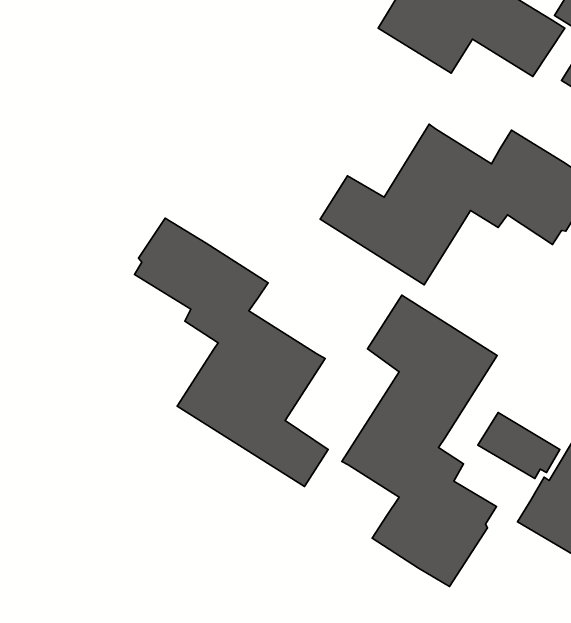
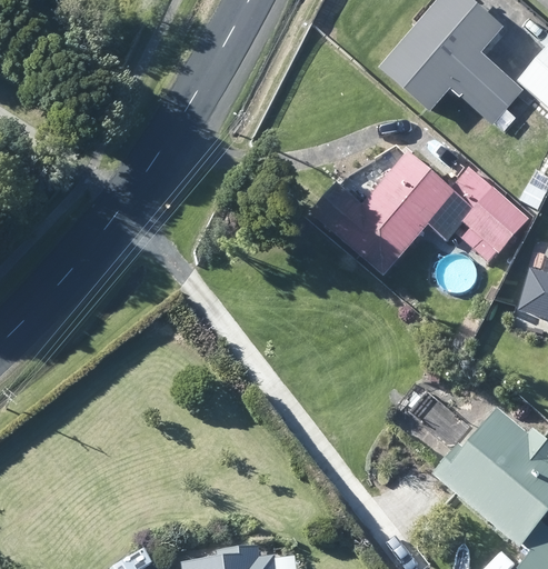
building: [135,218,328,487] -> none
building: [342,295,497,587] -> none

